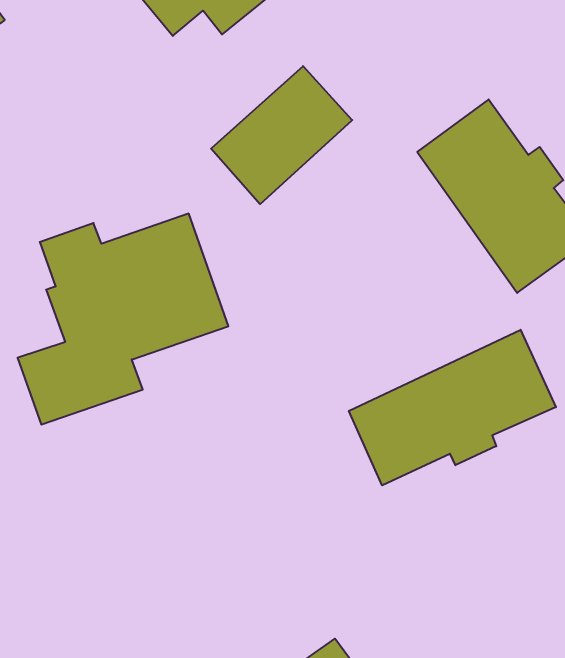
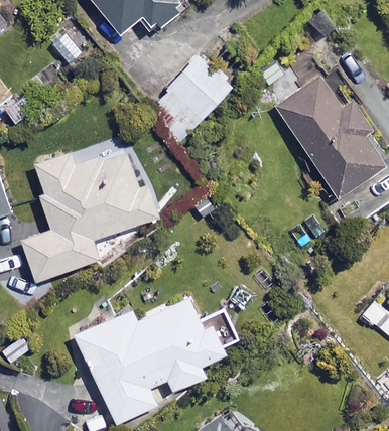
building: [349,330,556,485] -> none
building: none -> [75,294,239,424]

